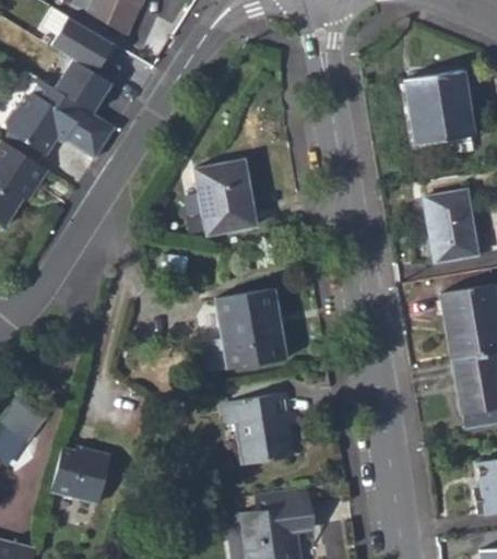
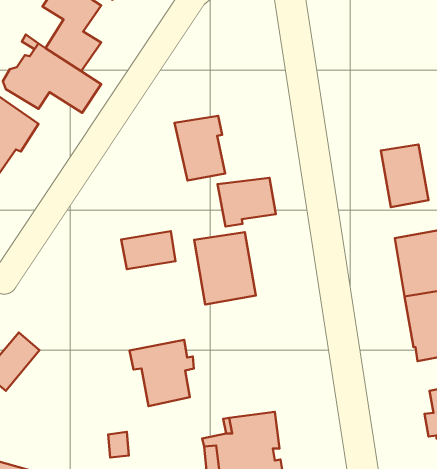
building: [403,71,474,145] -> none
building: none -> [217,178,276,226]
building: none -> [121,231,176,269]
building: [225,391,296,464] -> [129,340,194,406]
building: [54,449,113,504] -> none

